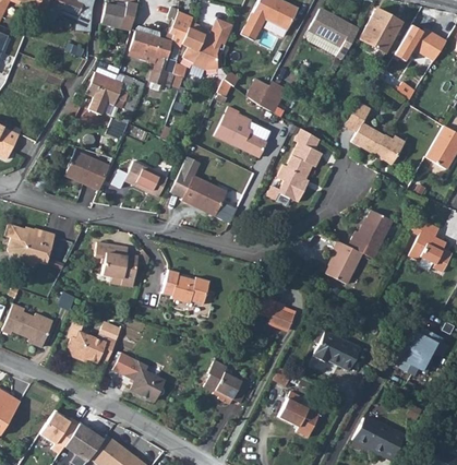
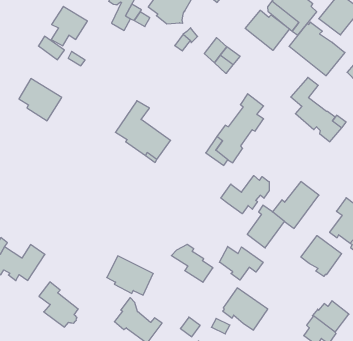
building: none -> [245,10,290,50]
building: none -> [289,22,345,76]
building: [215,106,267,157] -> none
building: [124,163,168,199] -> none
building: none -> [221,176,269,214]
building: [95,246,137,287] -> none
building: none -> [301,236,342,276]
building: [160,269,207,305] -> [107,256,153,295]
building: none -> [219,246,263,280]

